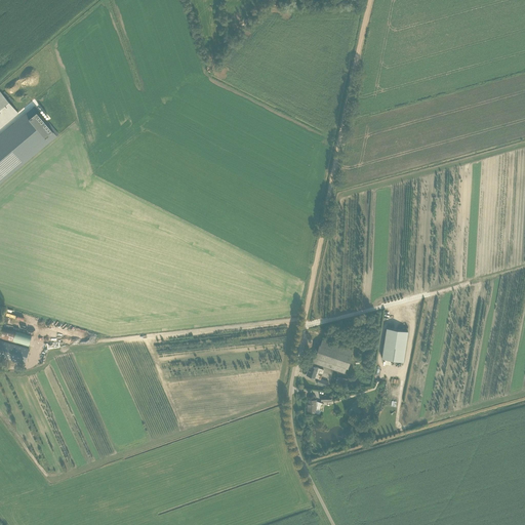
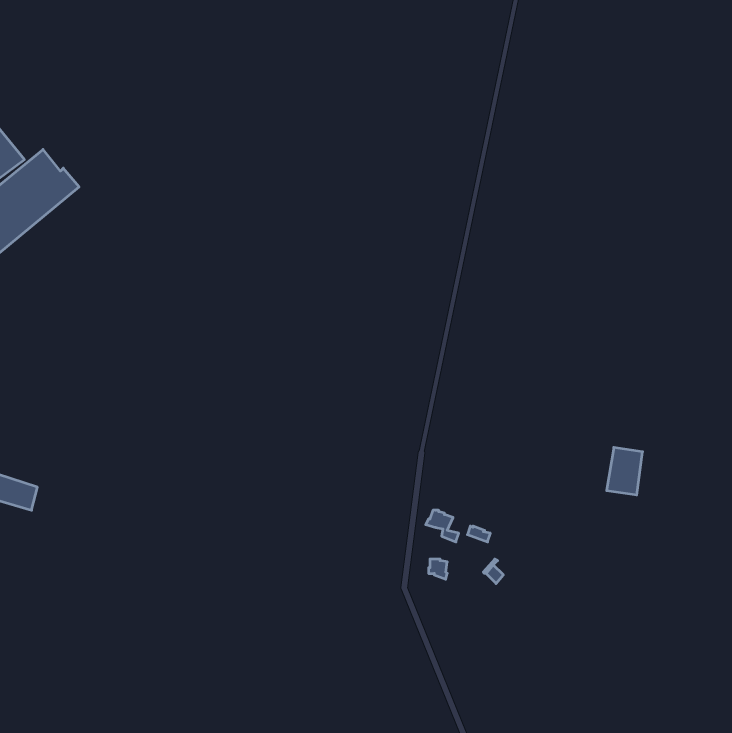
building: [379,327,405,361] -> [607,447,643,495]
building: [310,338,350,372] -> none

